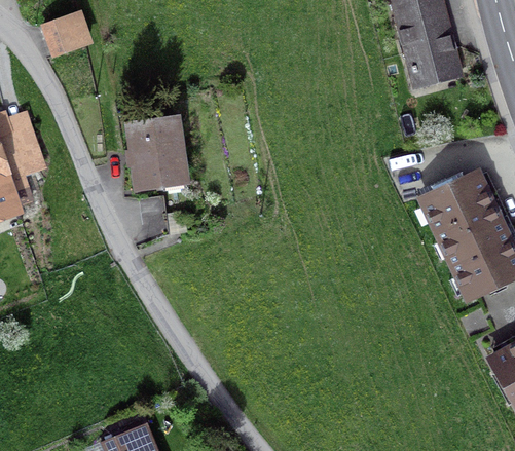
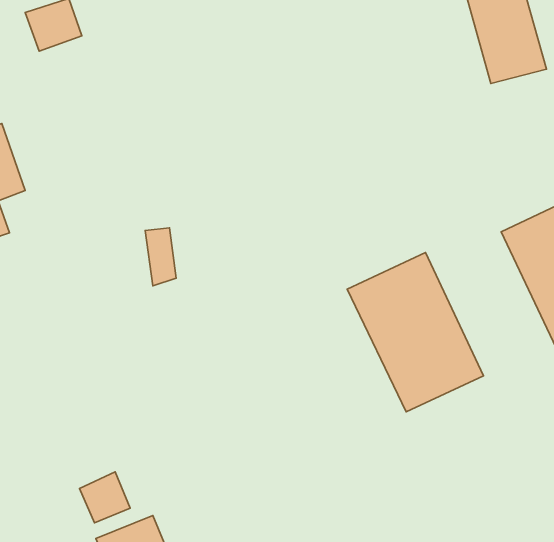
building: [128,117,185,189] -> none
building: none -> [347,252,484,412]
building: none -> [80,472,130,523]

